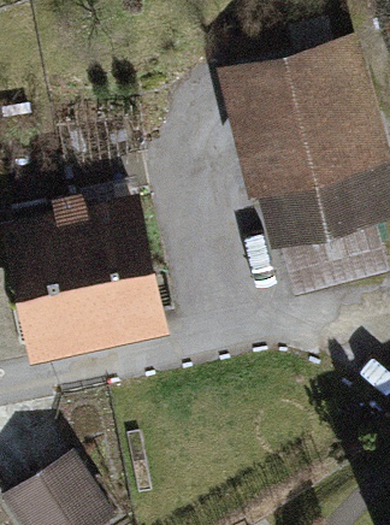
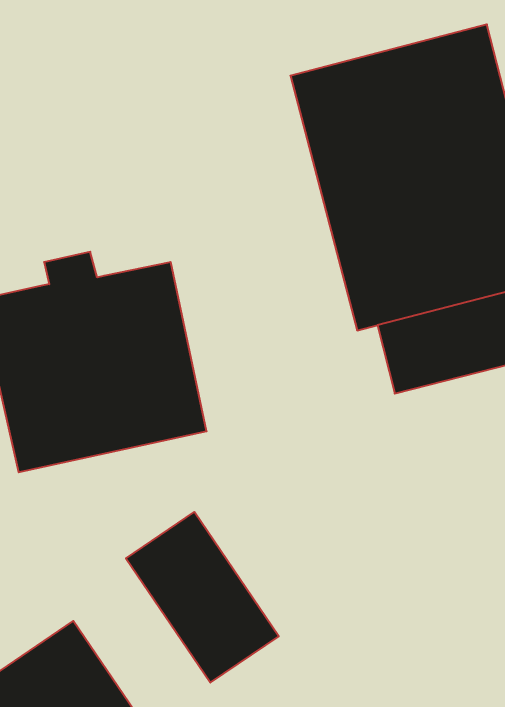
building: none -> [126,512,279,683]

